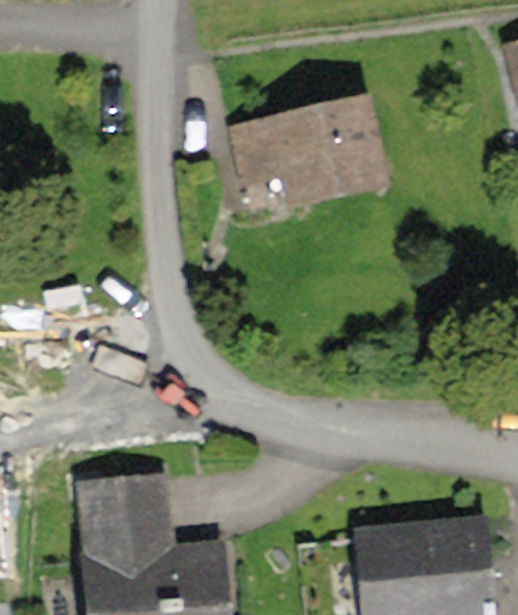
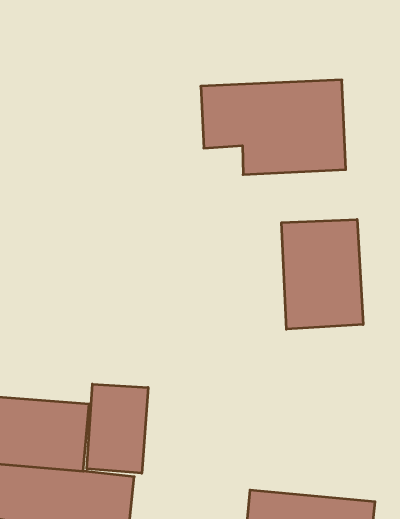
building: none -> [282,219,363,329]
building: none -> [87,384,148,473]

